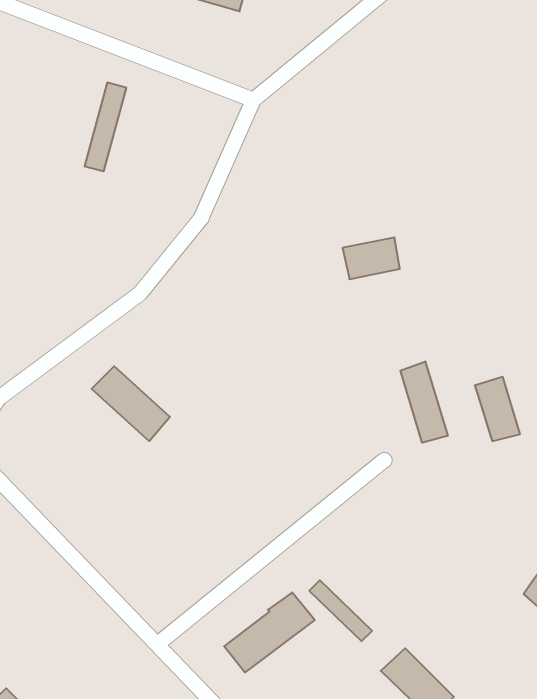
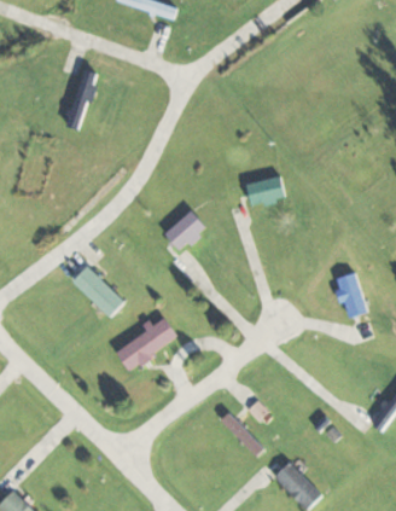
building: none -> [164,211,205,250]
building: [400,361,448,443] -> none
building: [224,592,315,672] -> [116,317,179,372]

